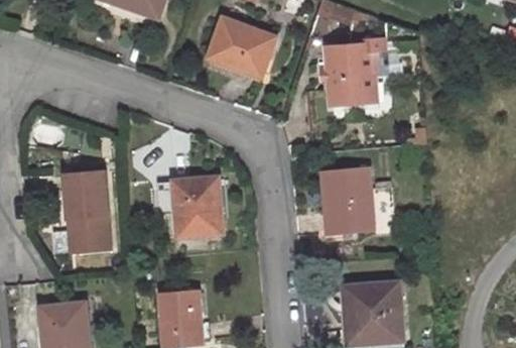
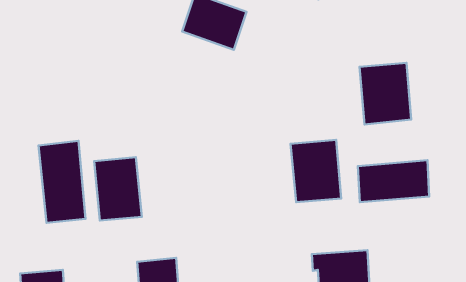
building: [324,55,377,119] -> [360,63,411,124]
building: [173,175,223,240] -> [94,157,142,221]
building: none -> [358,160,429,202]

